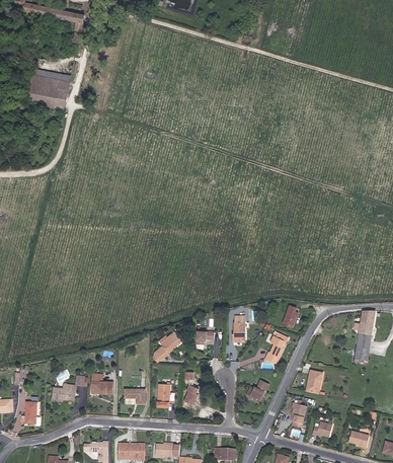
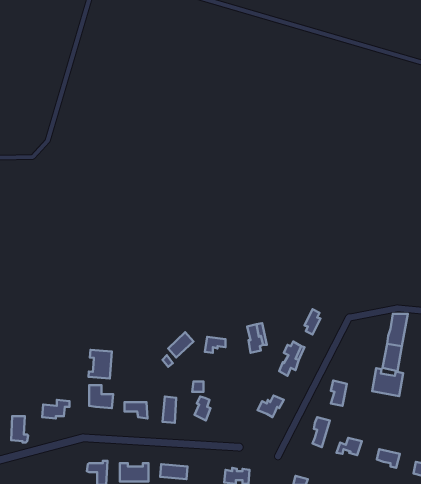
building: [22,73,68,109] -> none
building: none -> [88,350,112,378]
building: none -> [372,368,403,396]

